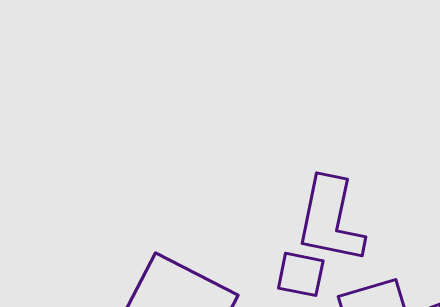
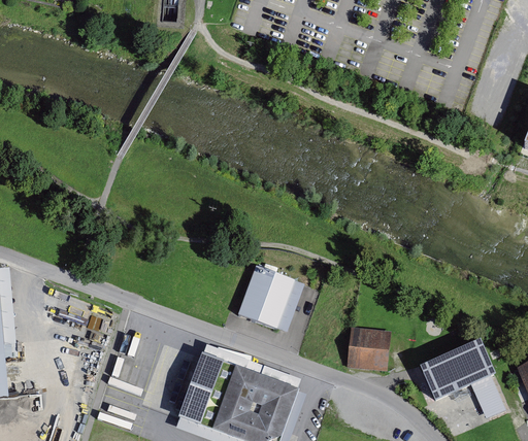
building: [302,173,366,256] -> none
building: none -> [239,267,300,330]

